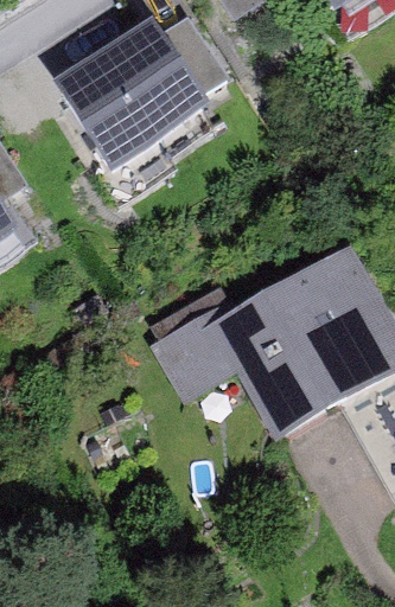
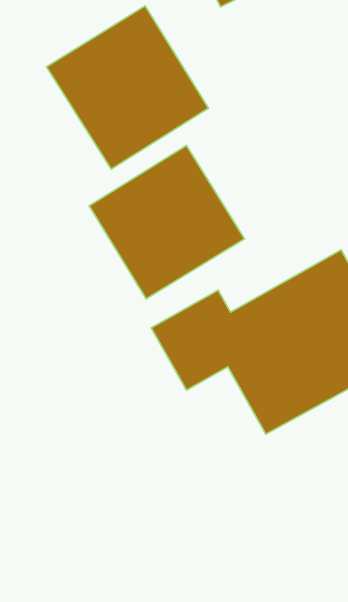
building: none -> [89,145,244,299]

